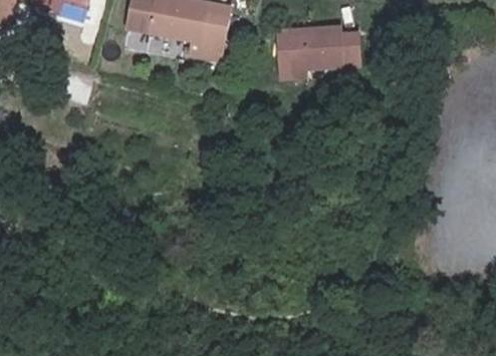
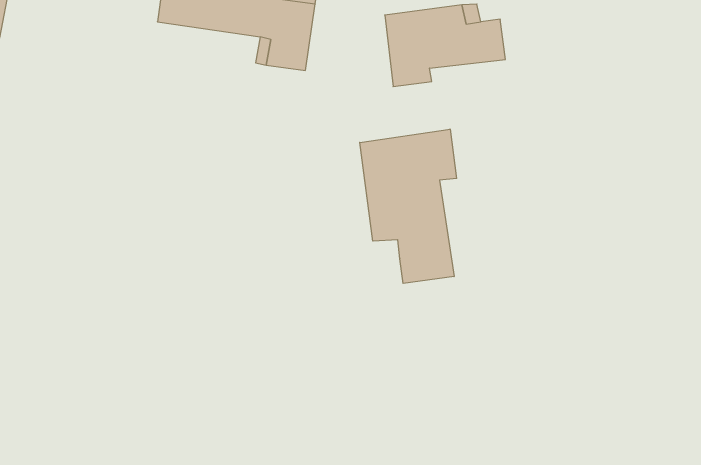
building: none -> [360,129,457,283]

